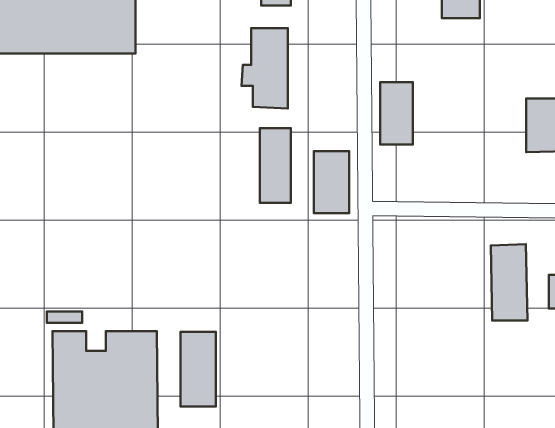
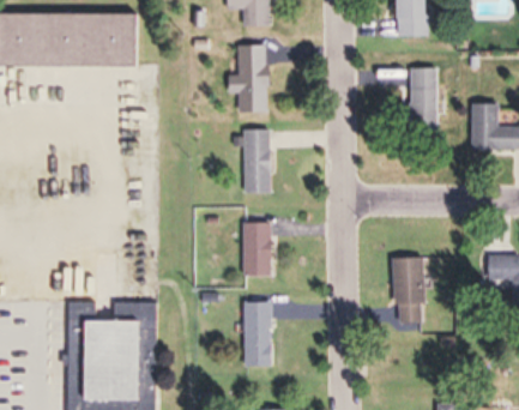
building: [380,82,413,144] -> [410,68,437,121]
building: [314,151,349,213] -> [241,223,271,276]
building: [491,244,527,320] -> [394,257,426,321]
building: [180,332,216,406] -> [243,302,273,366]

